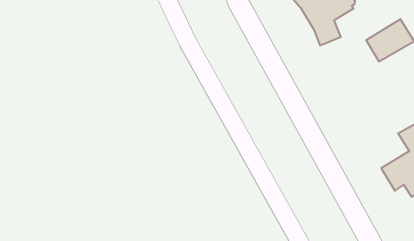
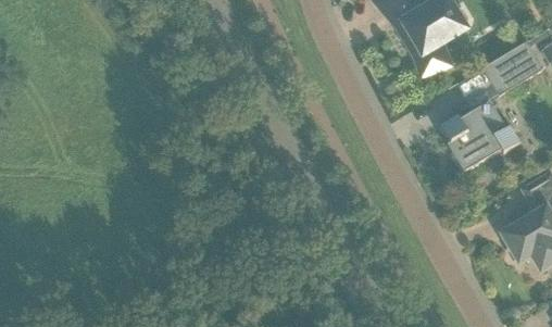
building: none -> [441,100,519,169]

